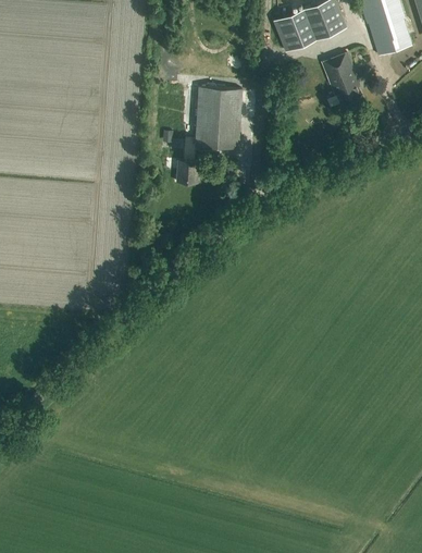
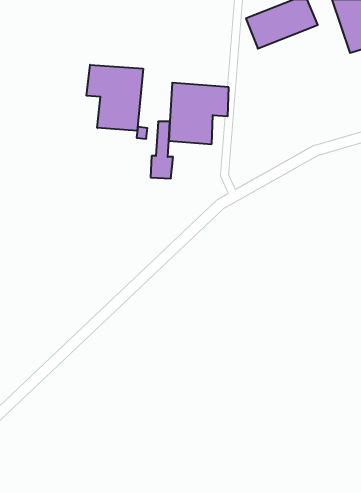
building: [321,52,362,107] -> none
building: none -> [87,65,143,131]

